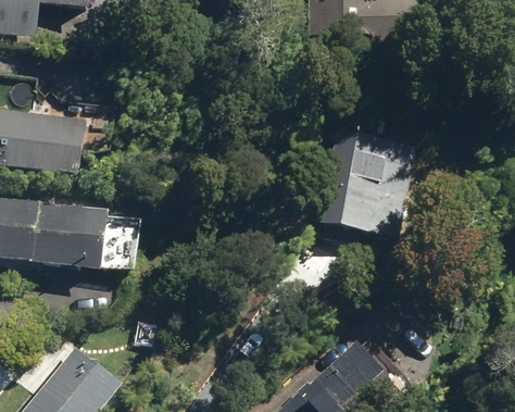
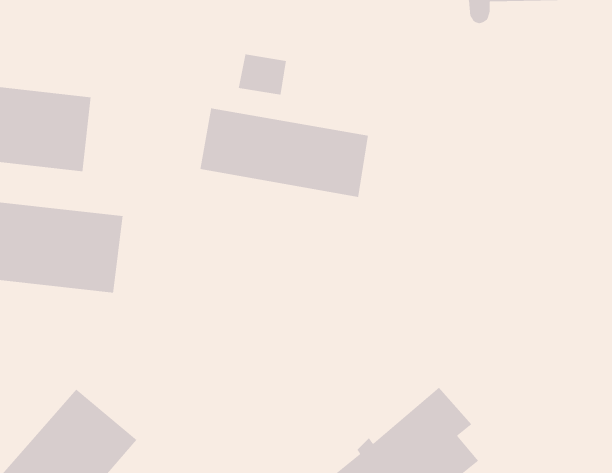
building: none -> [199,107,369,198]
building: [322,132,416,237] -> none

